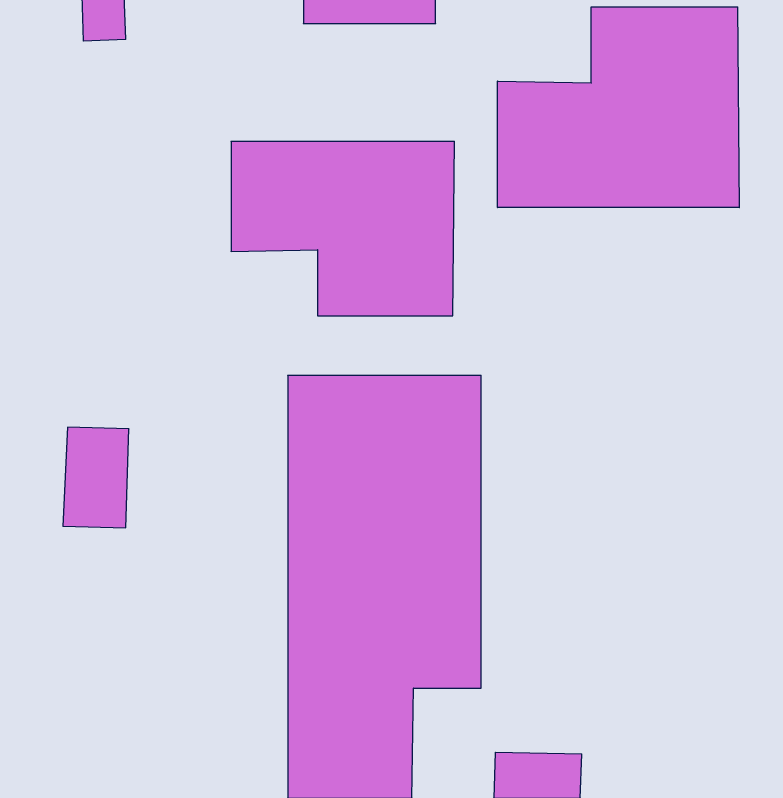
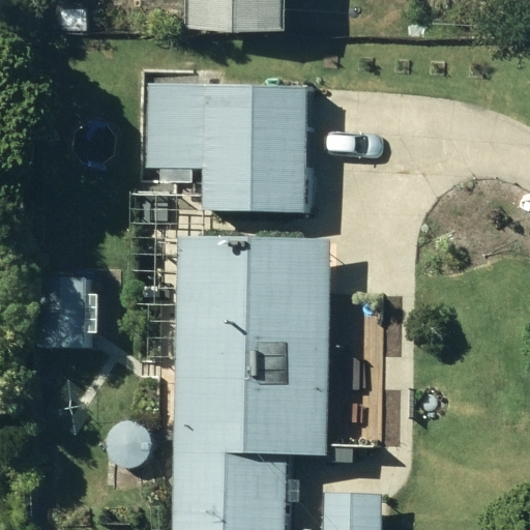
building: [498,7,739,208] -> none

